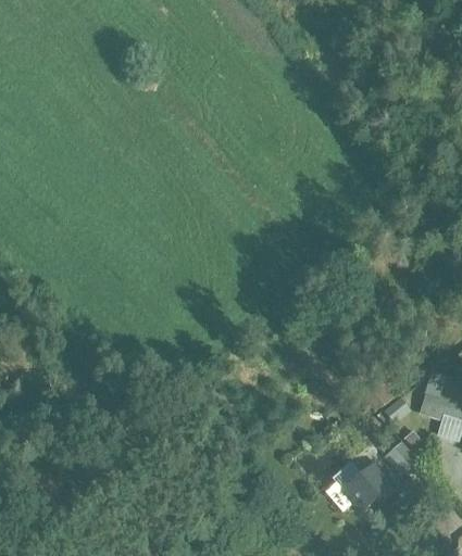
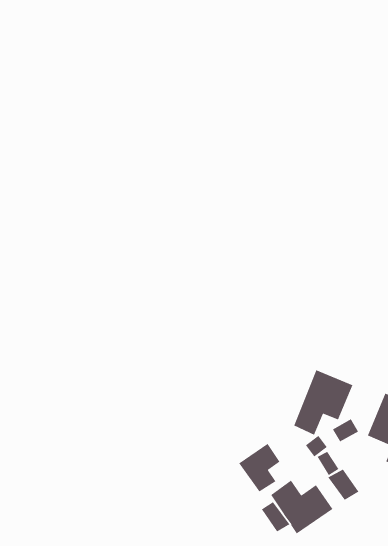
building: none -> [293,369,354,436]
building: none -> [238,443,281,493]

